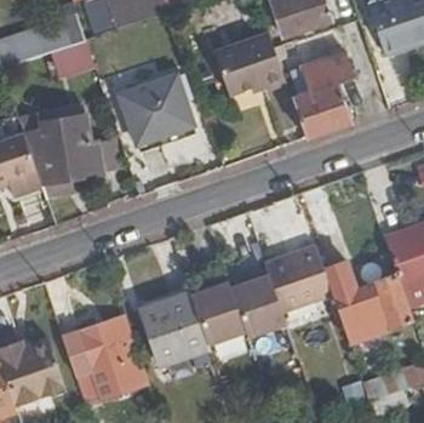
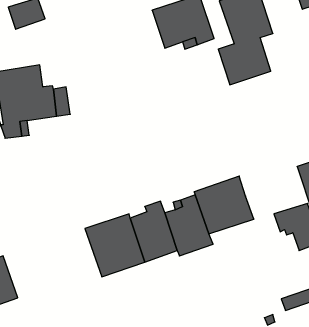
building: [118,75,191,143] -> none
building: [323,259,385,342] -> none
building: [62,316,143,405] -> none

